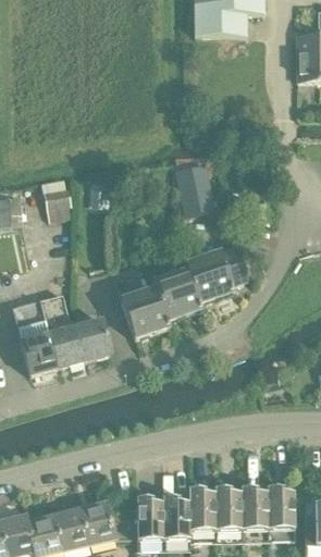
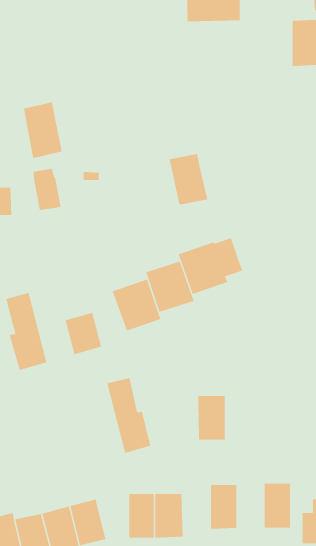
building: none -> [22,100,64,160]
building: [40,295,84,369] -> [107,377,151,453]
building: [243,486,269,530] -> none
building: [189,487,217,539] -> [198,395,225,448]

